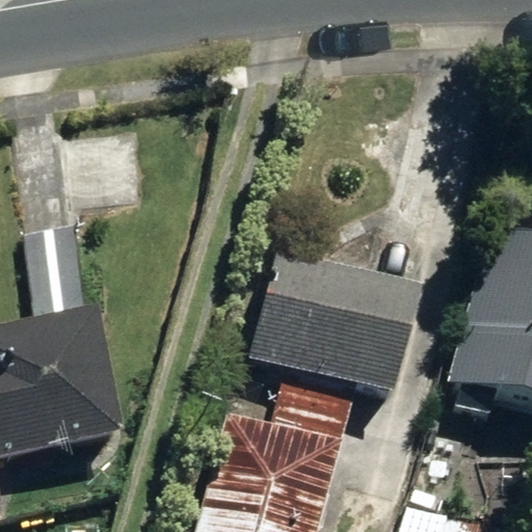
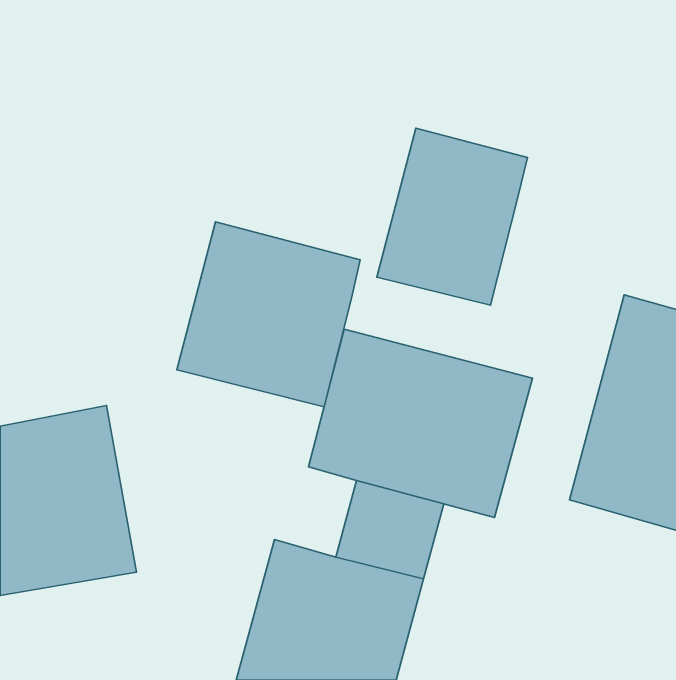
building: none -> [377,128,527,305]
building: none -> [177,222,360,407]

